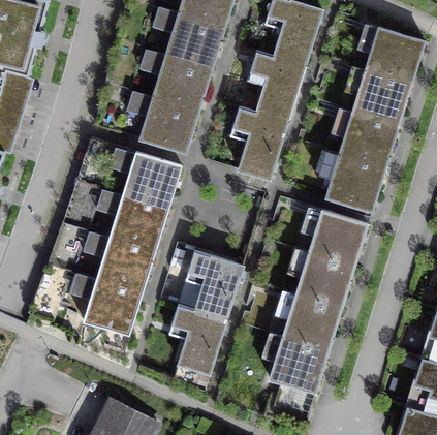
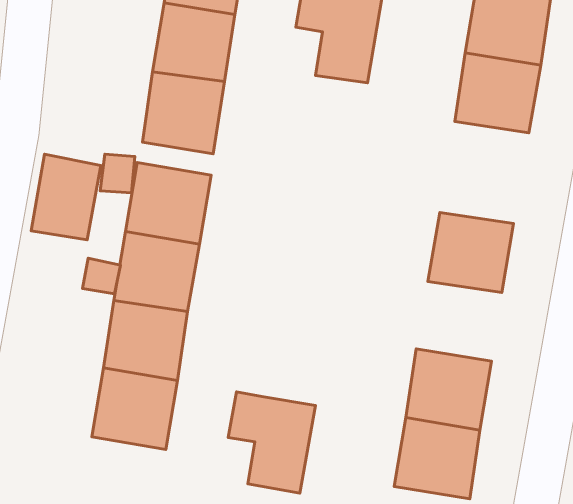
building: [229,106,287,178] -> none
building: none -> [31,154,101,240]
building: [325,153,384,210] -> none
building: [185,249,243,319] -> none
building: [294,251,353,307] -> none

